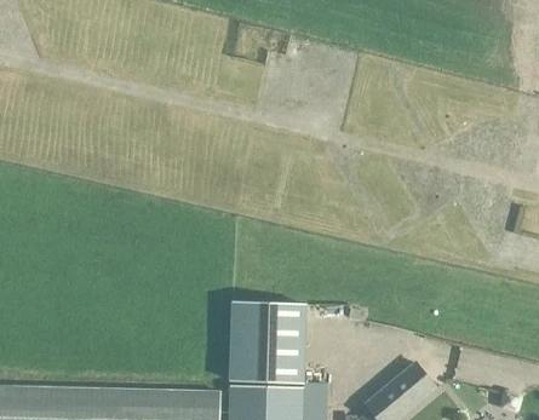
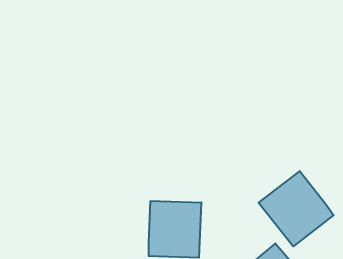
building: none -> [259,171,334,246]

